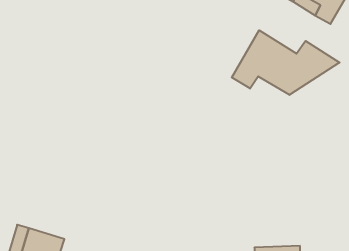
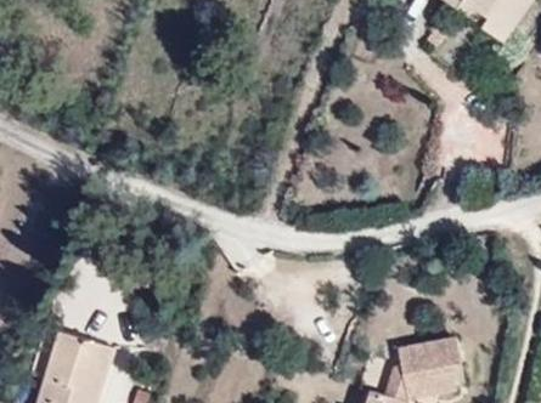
building: [232,30,340,95] -> none

